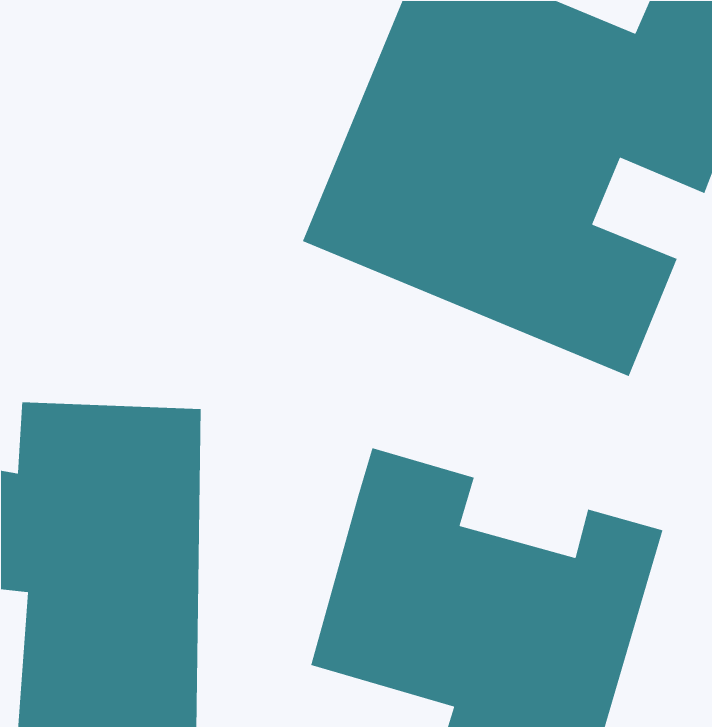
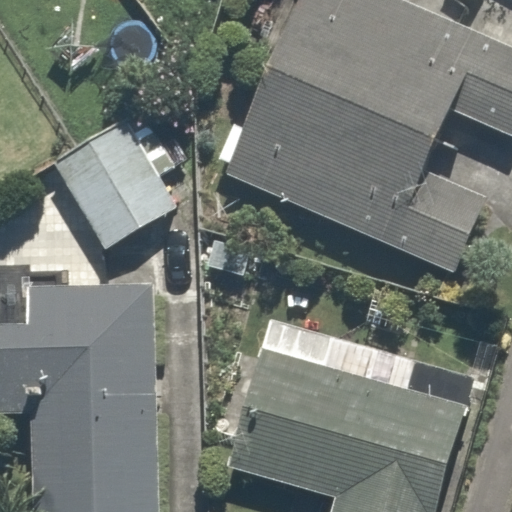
building: none -> [51,118,180,253]

